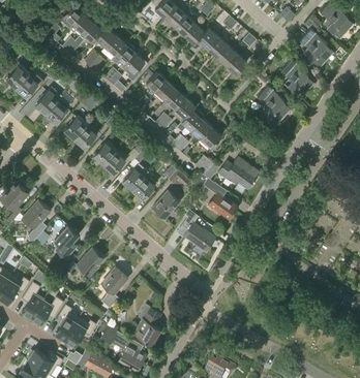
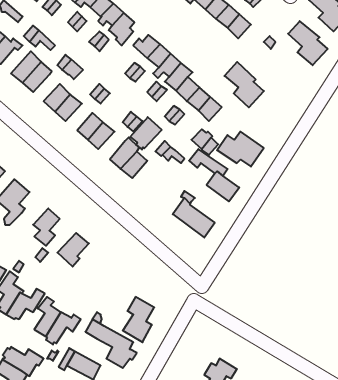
building: [257,85,292,125] -> [224,62,264,107]
building: [152,190,180,219] -> [130,117,162,150]
building: [101,267,127,308] -> none

